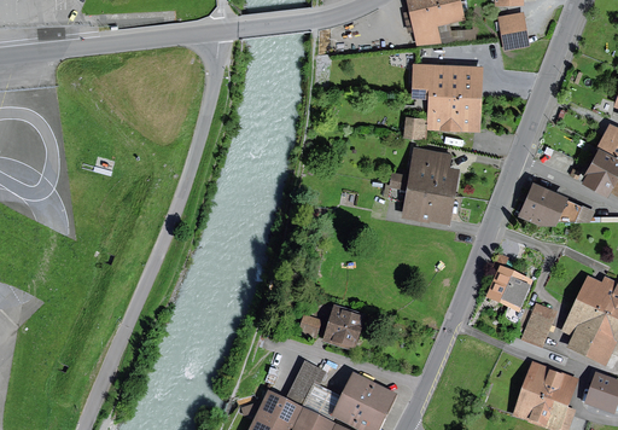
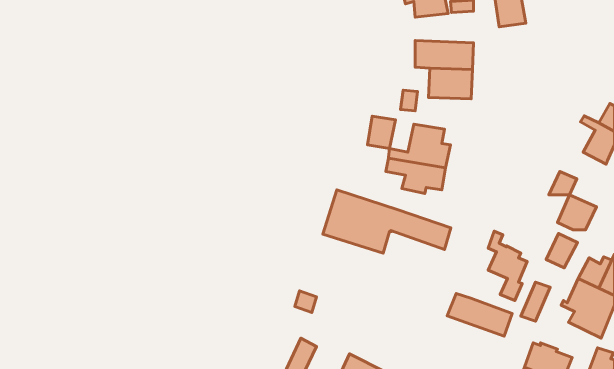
building: none -> [367,116,396,149]
building: [524,185,562,220] -> [557,195,596,230]
building: none -> [323,190,451,253]
building: none -> [546,234,577,268]
building: [327,310,358,345] -> none
building: none -> [447,293,512,336]

